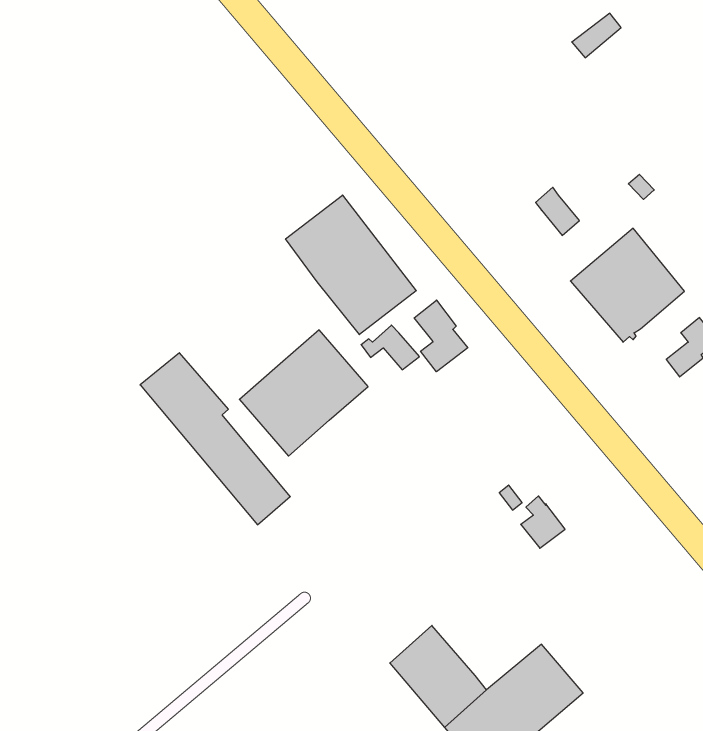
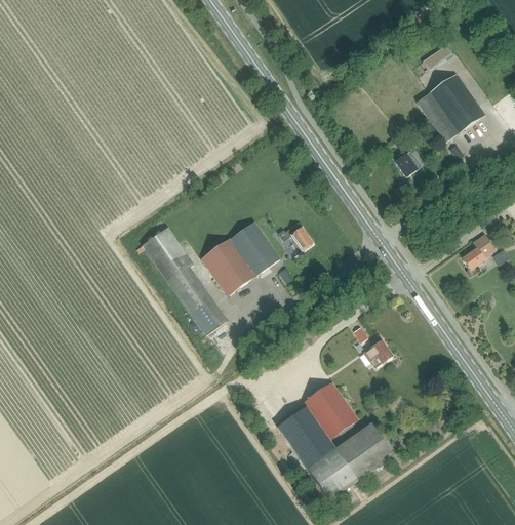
building: [286,195,416,335] -> none
building: [570,228,684,342] -> [415,73,484,142]
building: [414,300,468,372] -> none
building: none -> [303,381,358,439]

